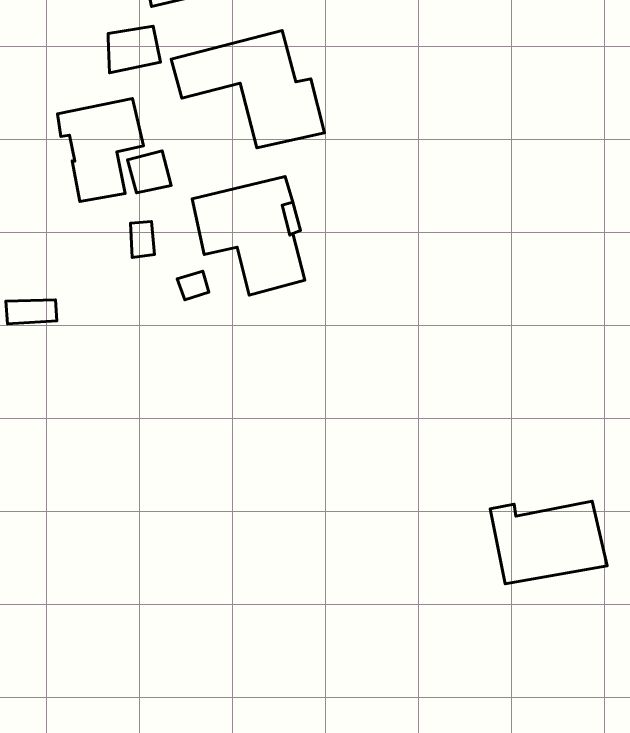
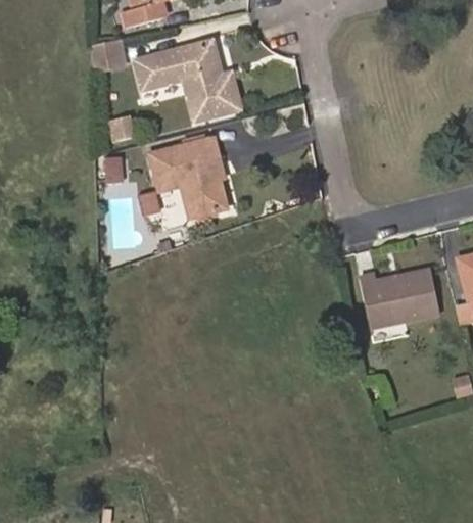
building: [57,98,144,201] -> none
building: [490,501,607,584] -> [360,273,439,329]

